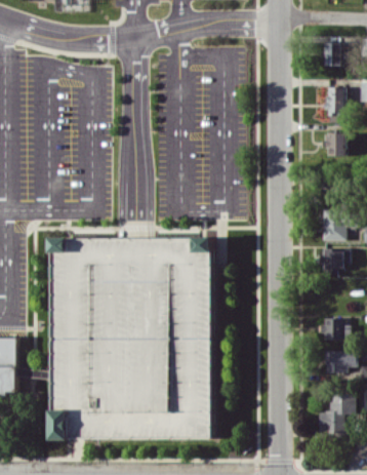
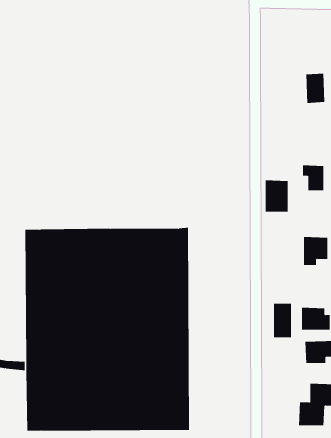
building: [324,43,341,67] -> none
building: [326,133,346,157] -> none
building: [323,209,346,241] -> [265,180,289,212]
building: none -> [273,303,292,338]

